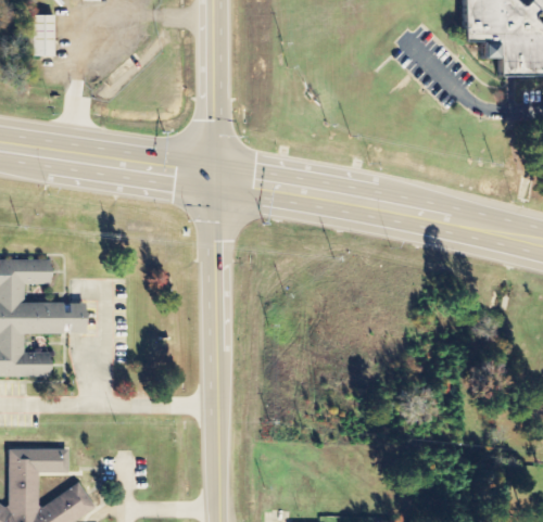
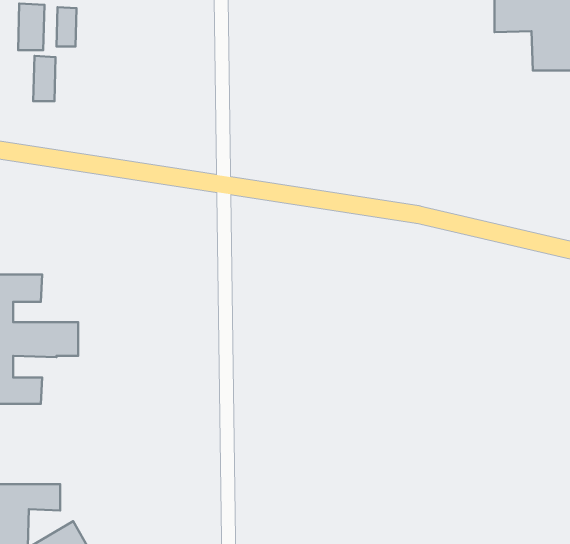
building: none -> [57,7,76,46]
building: none -> [33,56,56,101]

